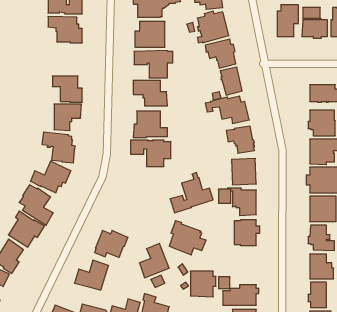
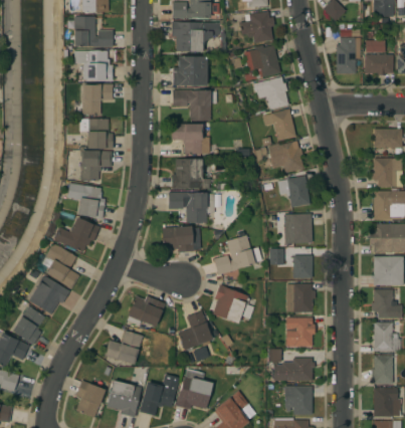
building: none -> [74,83,113,115]
building: none -> [162,222,193,252]
building: [190,271,216,297] -> [285,317,315,347]

